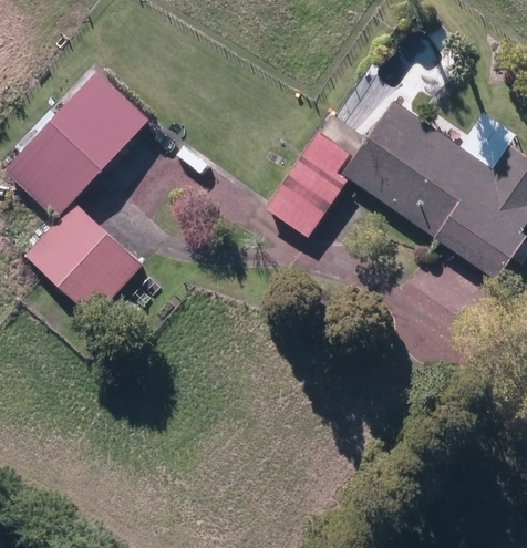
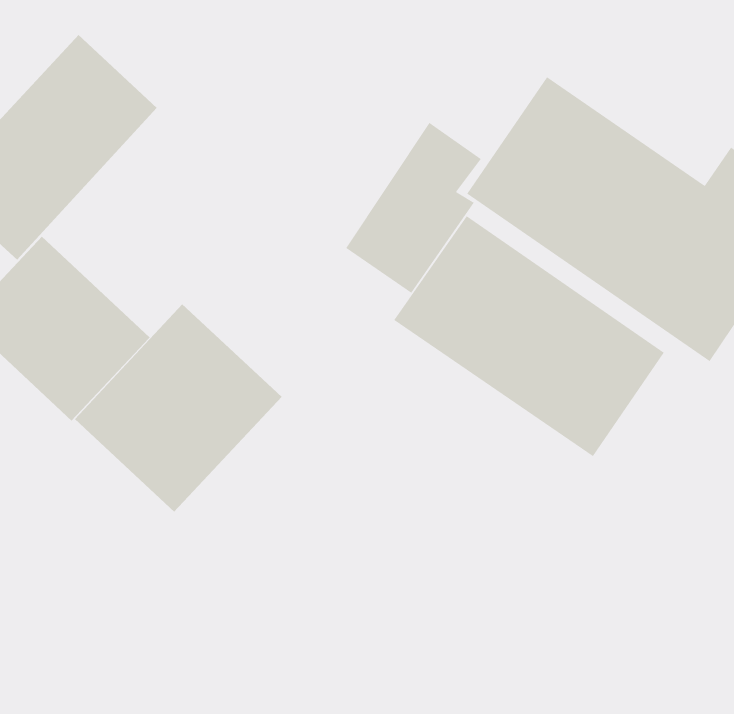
building: none -> [393,215,665,457]
building: none -> [74,303,282,513]

